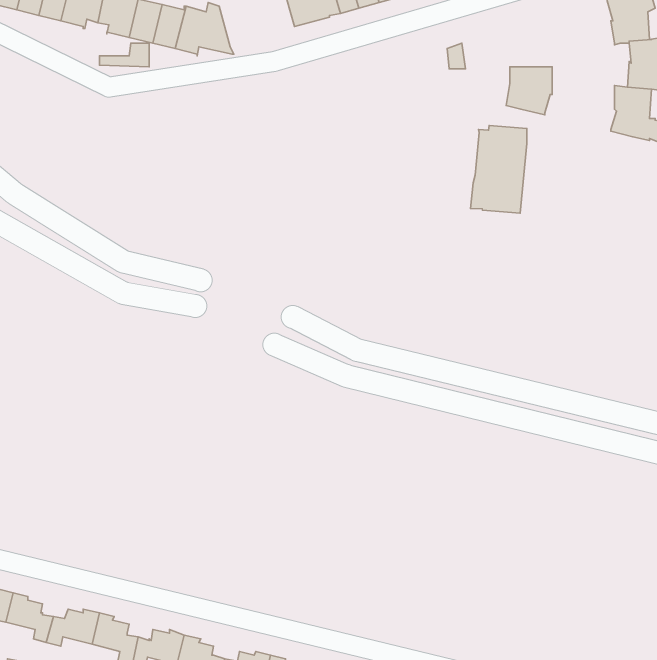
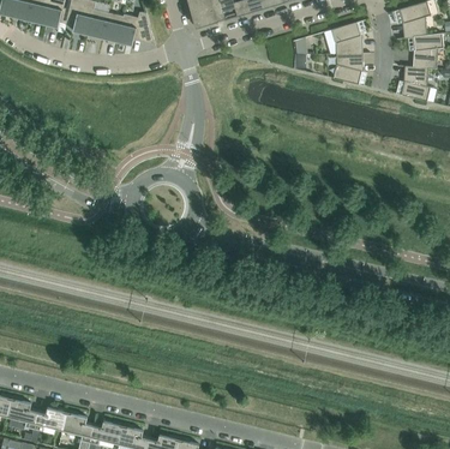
building: none -> [332,23,364,54]
building: [470,125,527,213] -> none

